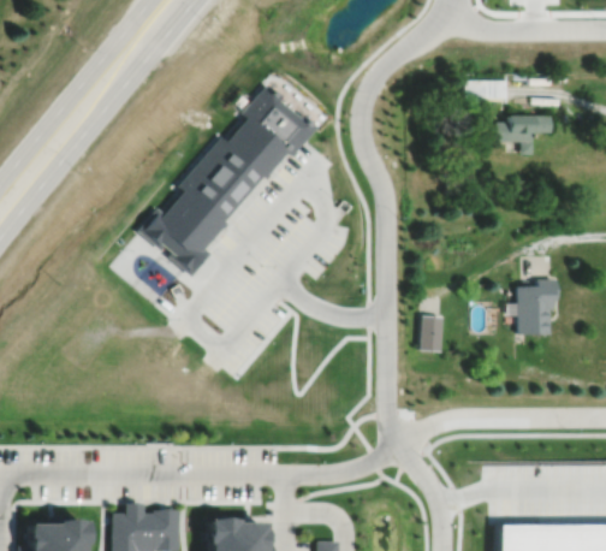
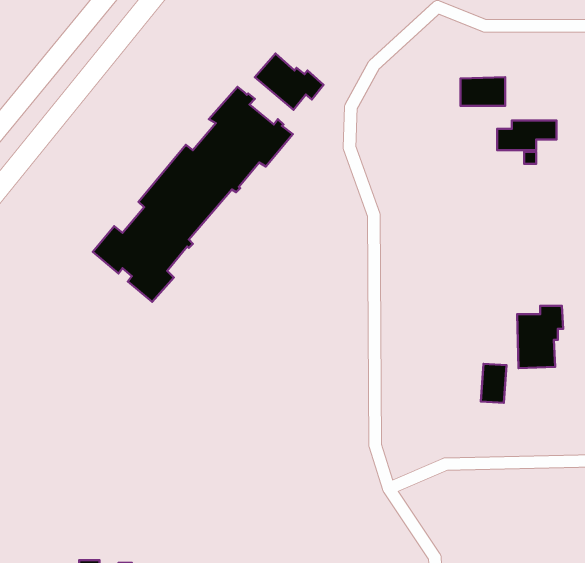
building: none -> [255,54,323,110]
building: [421,318,444,352] -> [481,364,506,403]

